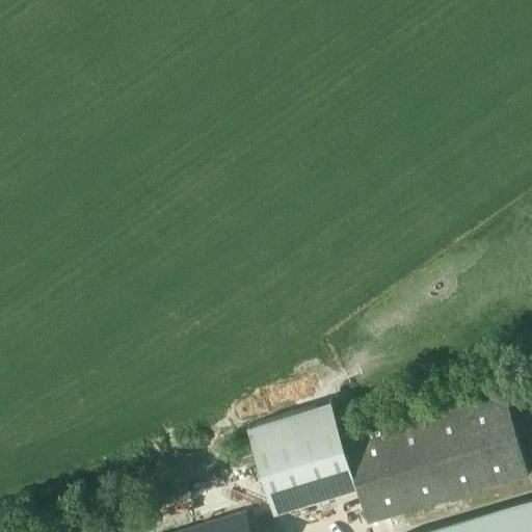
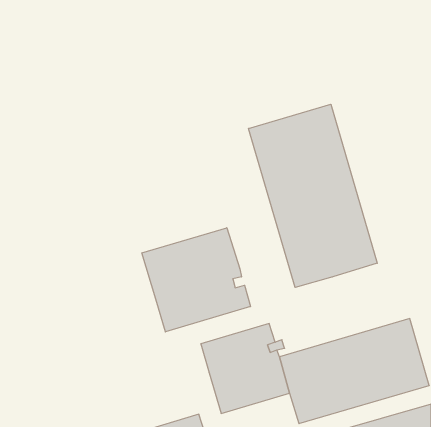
building: none -> [249,104,377,287]
building: none -> [142,228,250,332]

